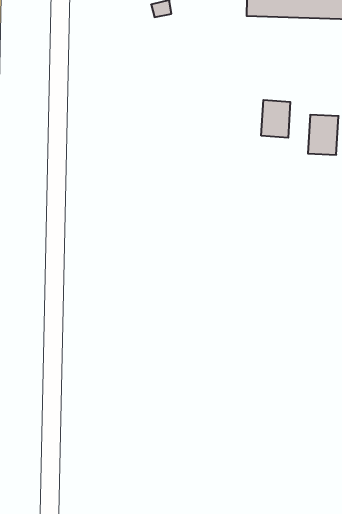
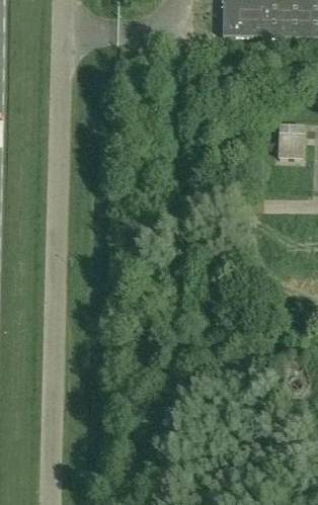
building: [261,100,290,138] -> none

